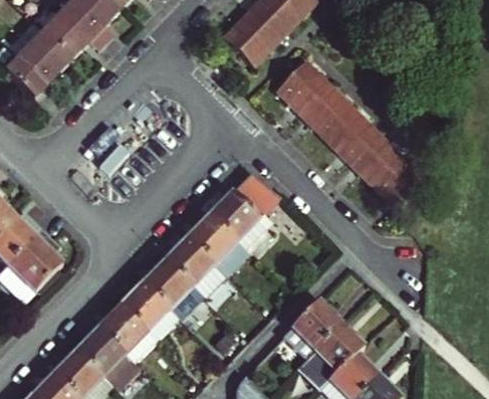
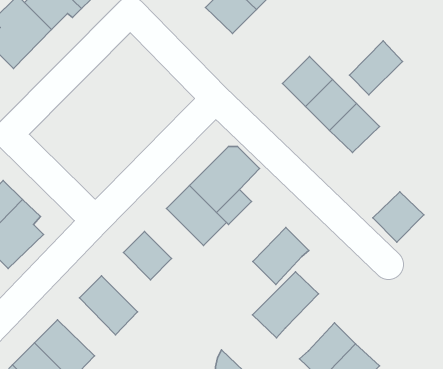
building: [276,60,328,112] -> none
building: none -> [349,41,402,95]
building: [372,155,423,205] -> [373,192,424,242]
building: [163,237,222,297] -> none
building: [119,281,178,341] -> none
building: [304,323,360,380] -> [253,228,309,285]
building: [75,327,134,385] -> none

